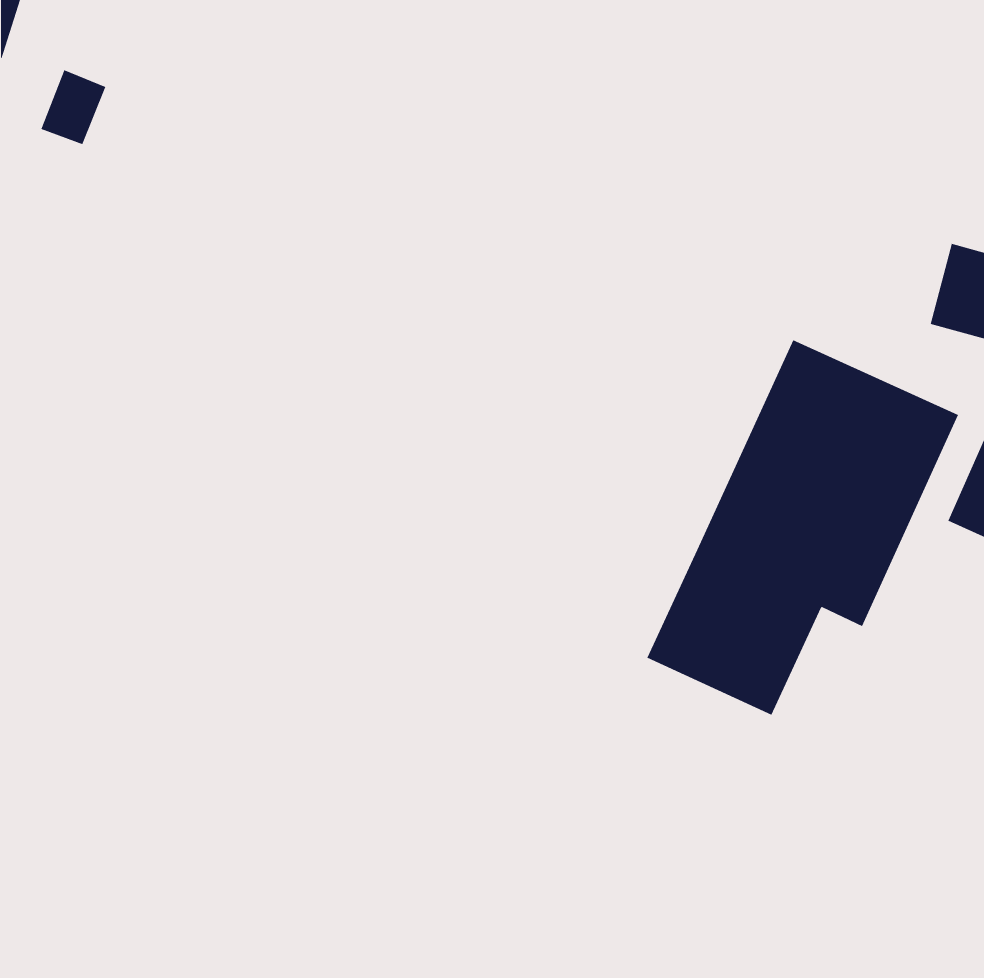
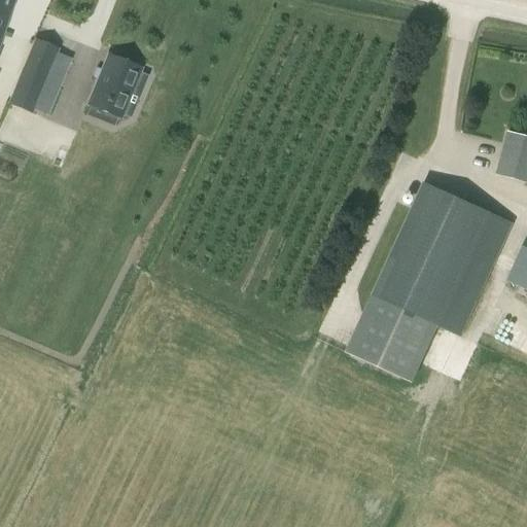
building: none -> [89,52,141,115]
building: none -> [9,69,60,111]

